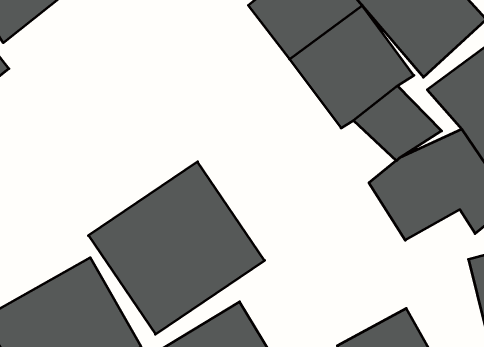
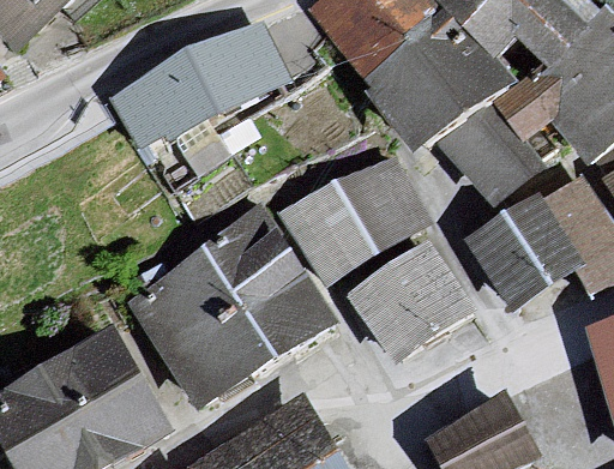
building: none -> [114,26,293,155]
building: none -> [282,155,428,284]
building: none -> [343,233,486,372]

